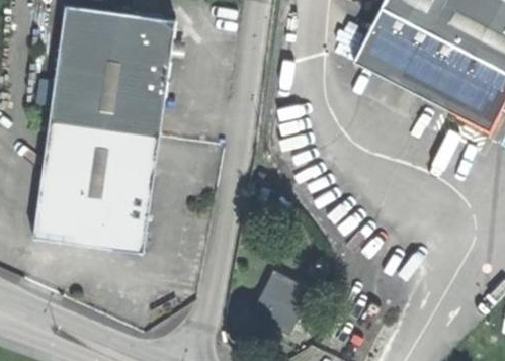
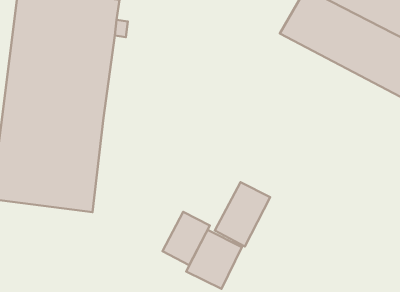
building: none -> [215,182,270,246]
building: none -> [162,212,210,265]

